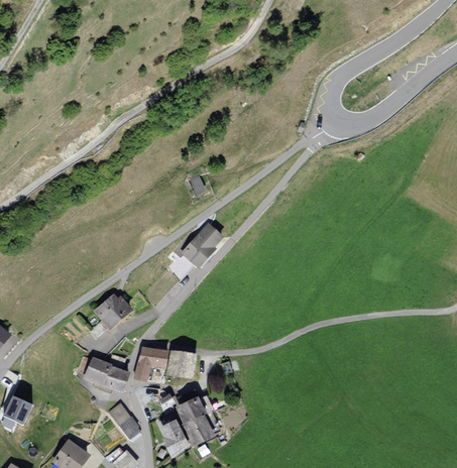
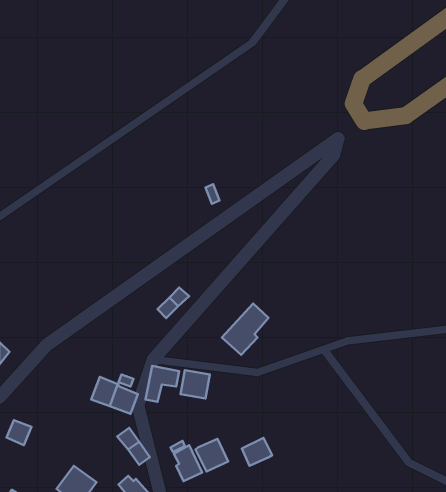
building: [180,225,223,272] -> [222,304,269,355]
building: [94,292,131,328] -> none
building: [177,395,205,422] -> [242,438,272,466]

